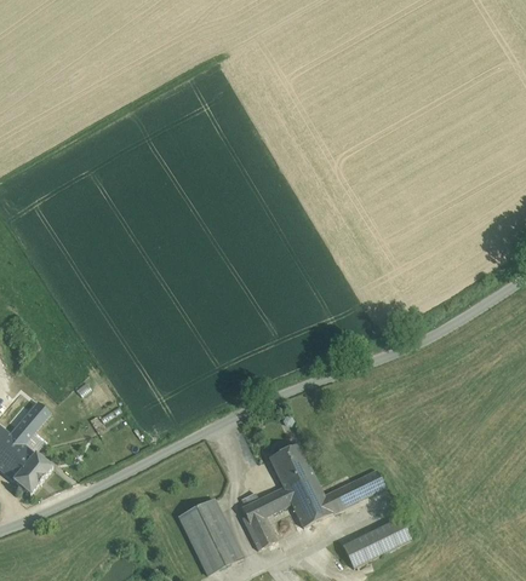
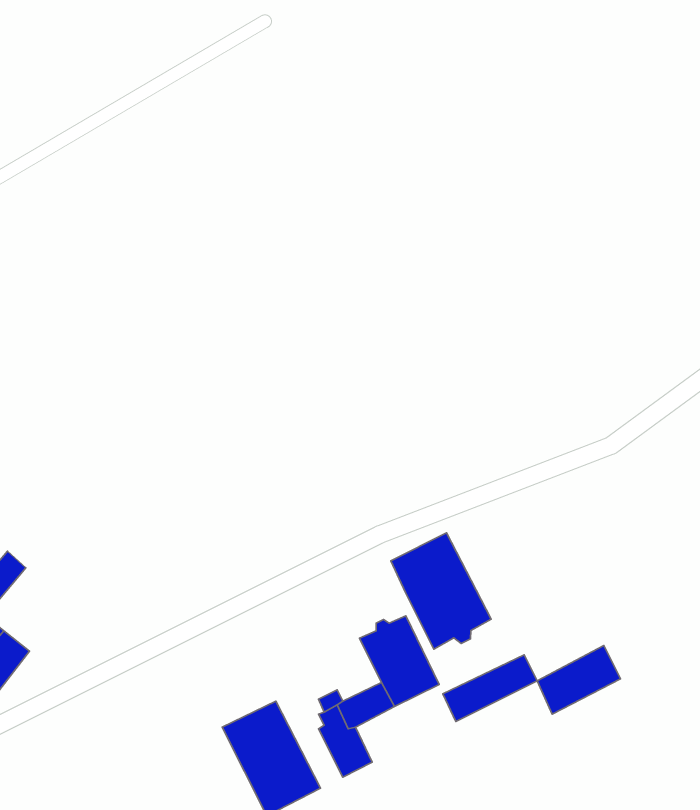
building: none -> [391,533,491,649]
building: [291,488,331,527] -> none
building: [355,516,410,560] -> [537,646,621,714]

